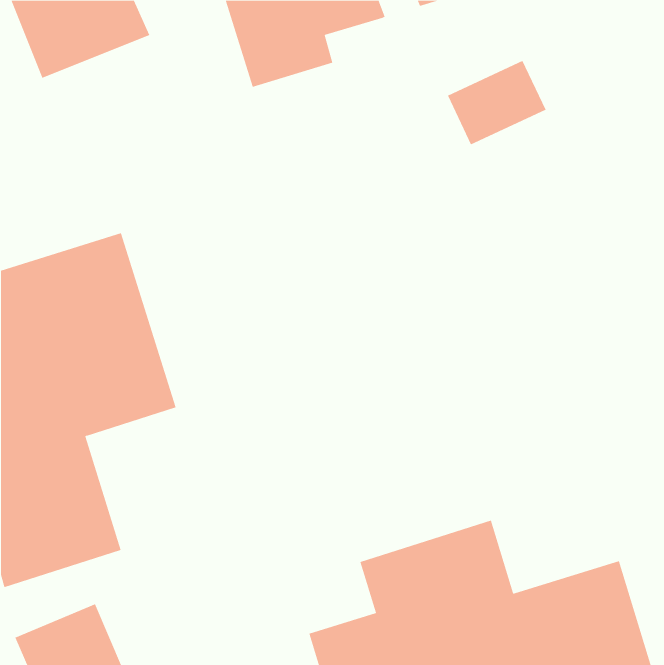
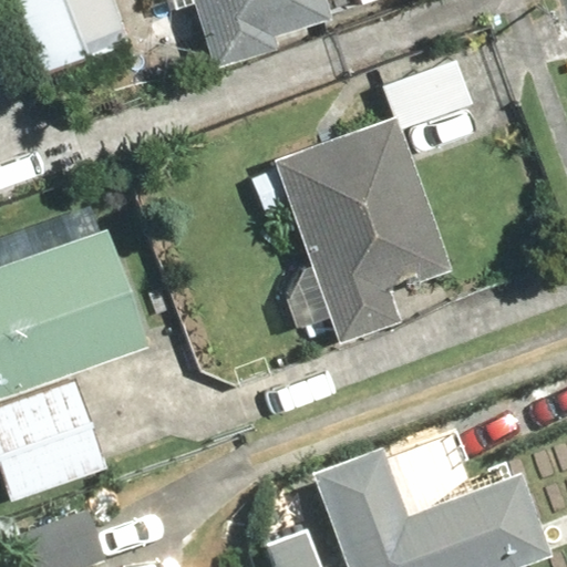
building: none -> [266,116,445,344]

